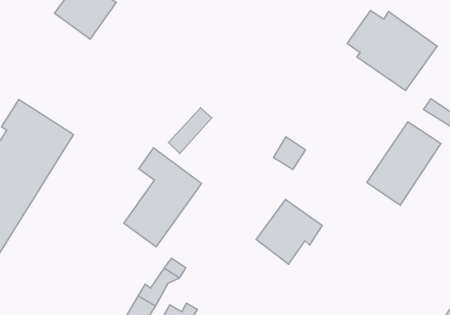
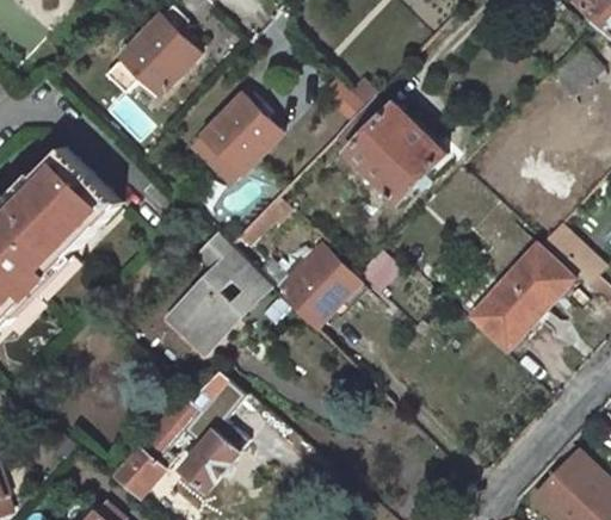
building: [347,10,437,91] -> [335,97,444,200]
building: none -> [204,93,283,172]
building: [256,200,322,264] -> [272,244,354,323]

